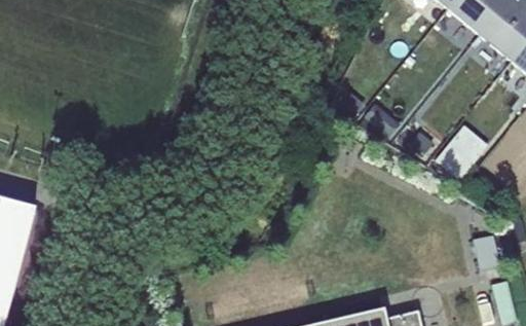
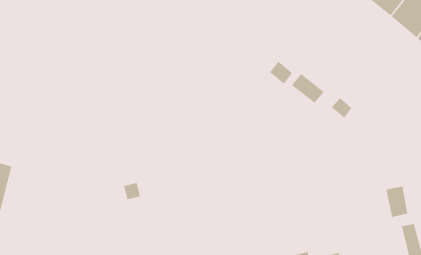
building: [436,122,487,176] -> none

